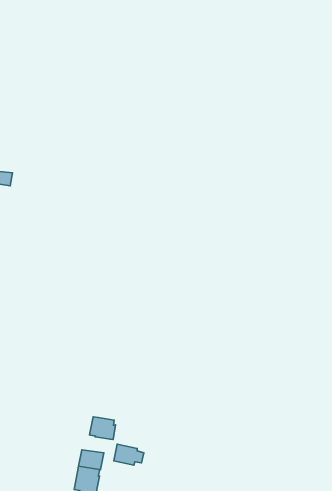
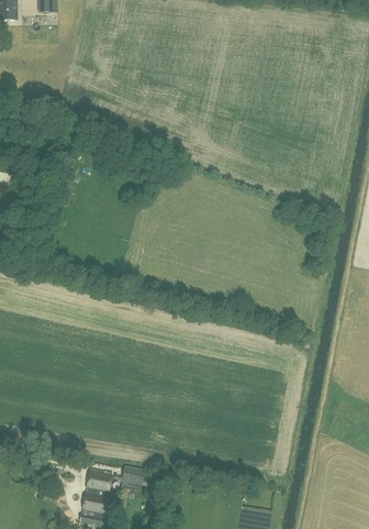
building: [89,417,116,439] -> none

